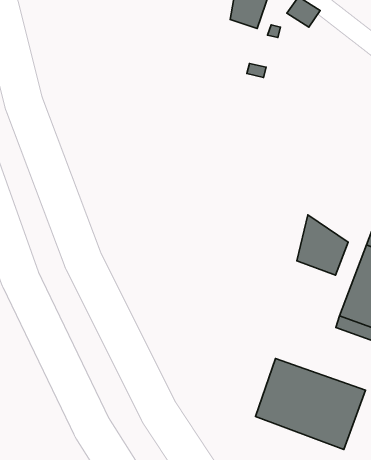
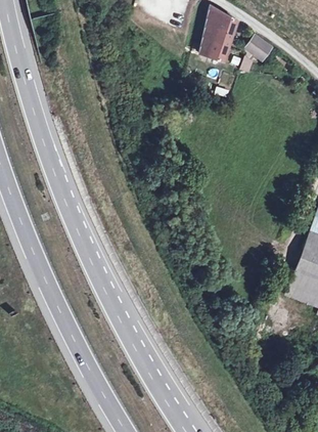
building: [297,215,348,275] -> none
building: [256,358,366,450] -> none

